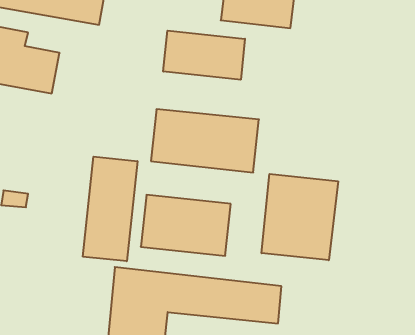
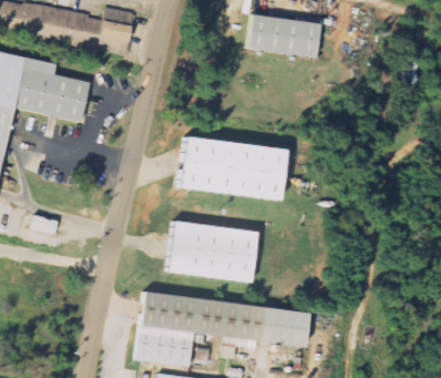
building: [163,31,245,80] -> none
building: [83,157,137,261] -> none
building: [262,174,338,260] -> none

